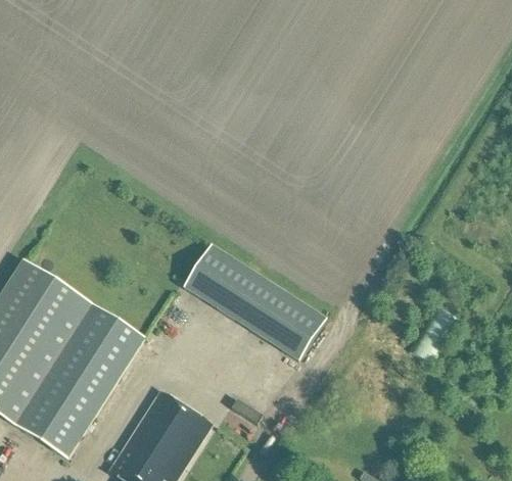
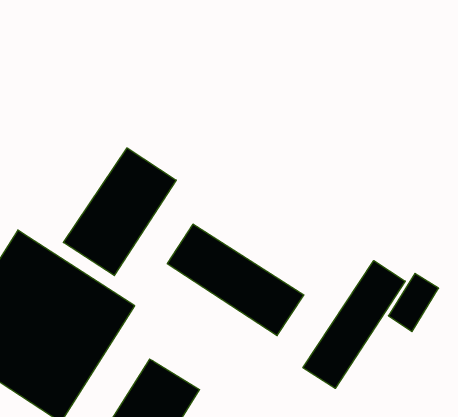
building: none -> [63,148,176,276]
building: none -> [303,261,405,388]

